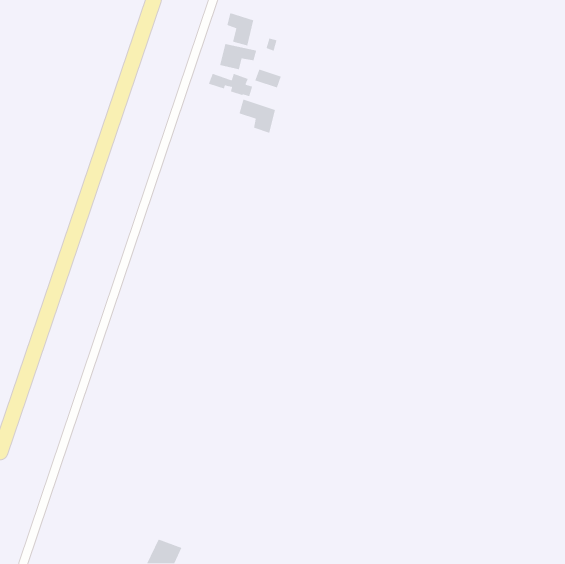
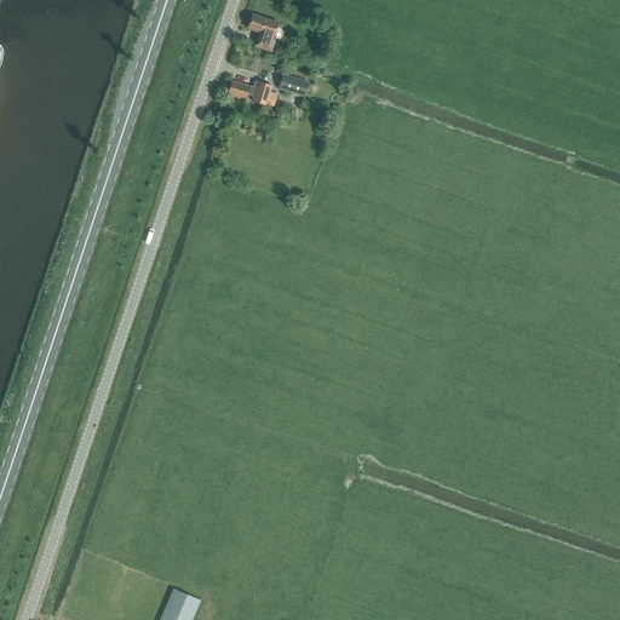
building: [219,43,257,70] -> none
building: [238,99,276,134] -> none

